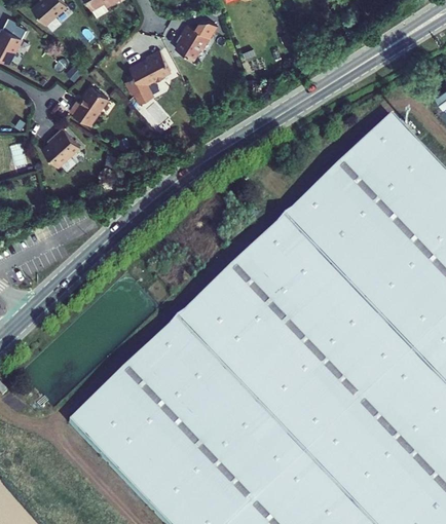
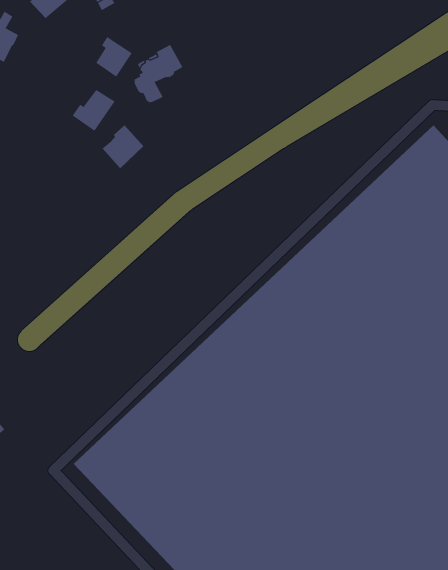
building: [176,22,217,60] -> none
building: none -> [96,36,133,77]
building: [41,127,79,167] -> [102,124,144,169]

